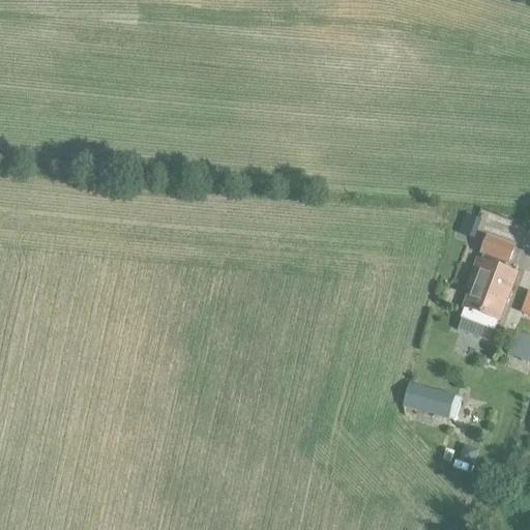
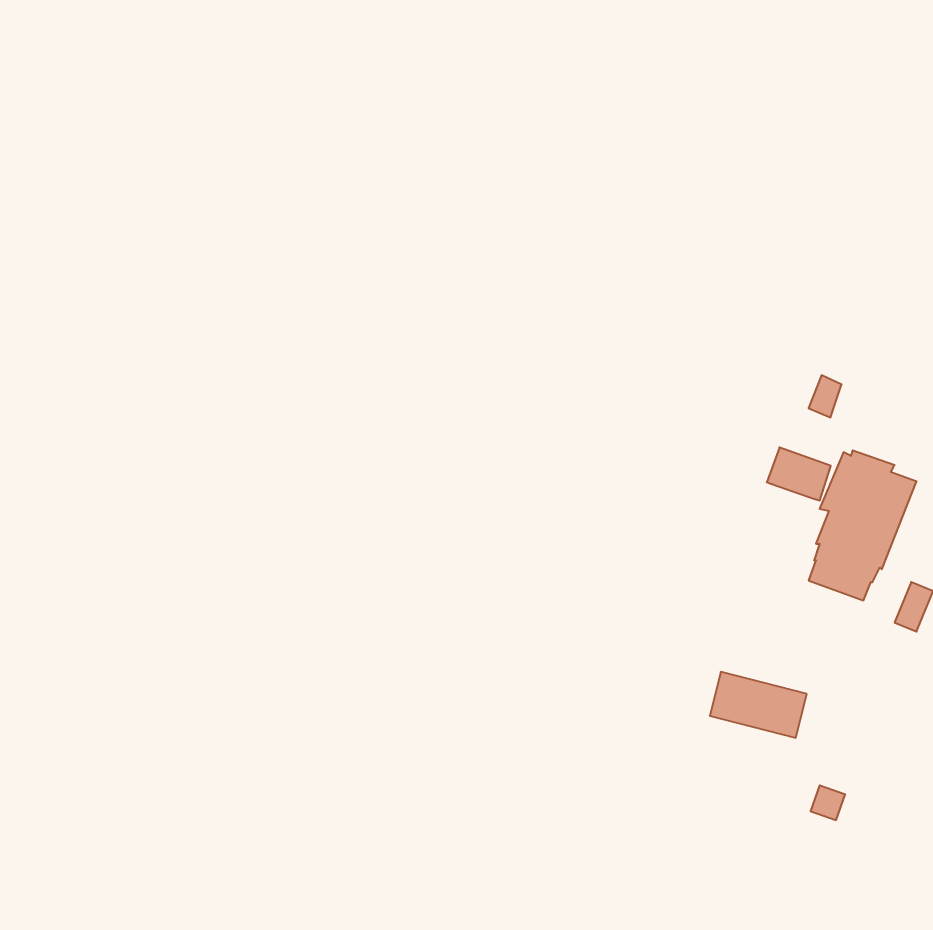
building: [479,234,516,264] -> [767,447,831,501]

